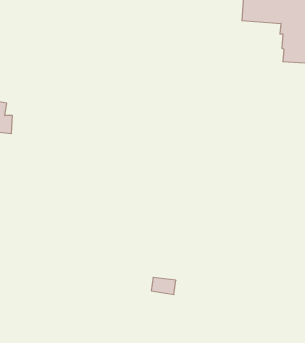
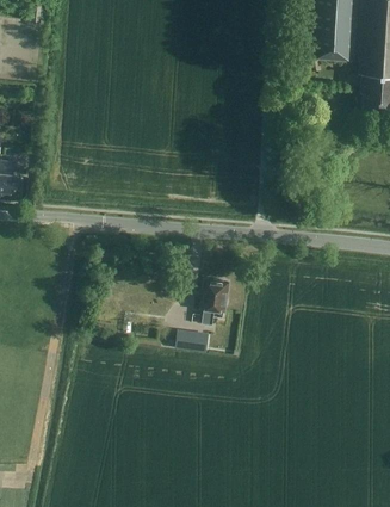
building: none -> [200,278,227,323]
building: [151,277,176,295] -> [175,328,206,350]

